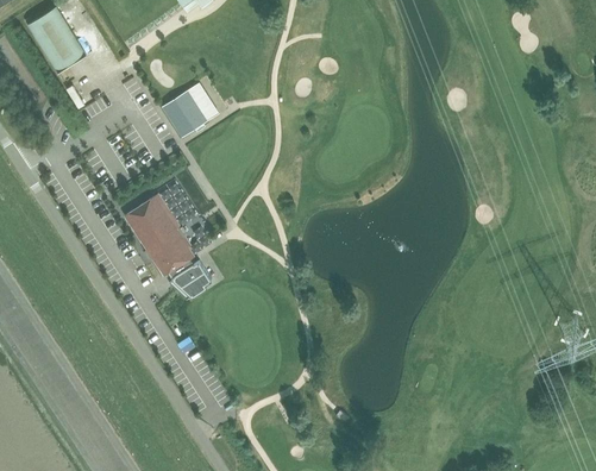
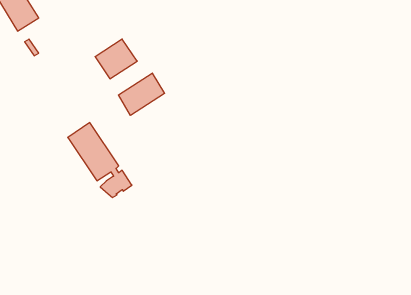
building: none -> [118,73,165,115]

